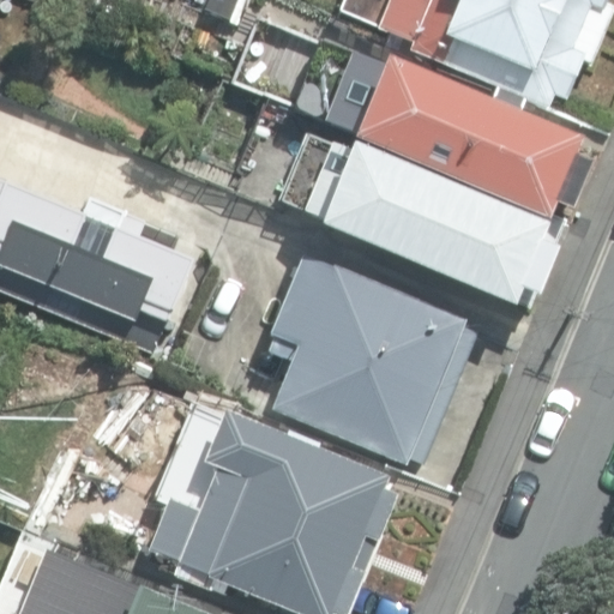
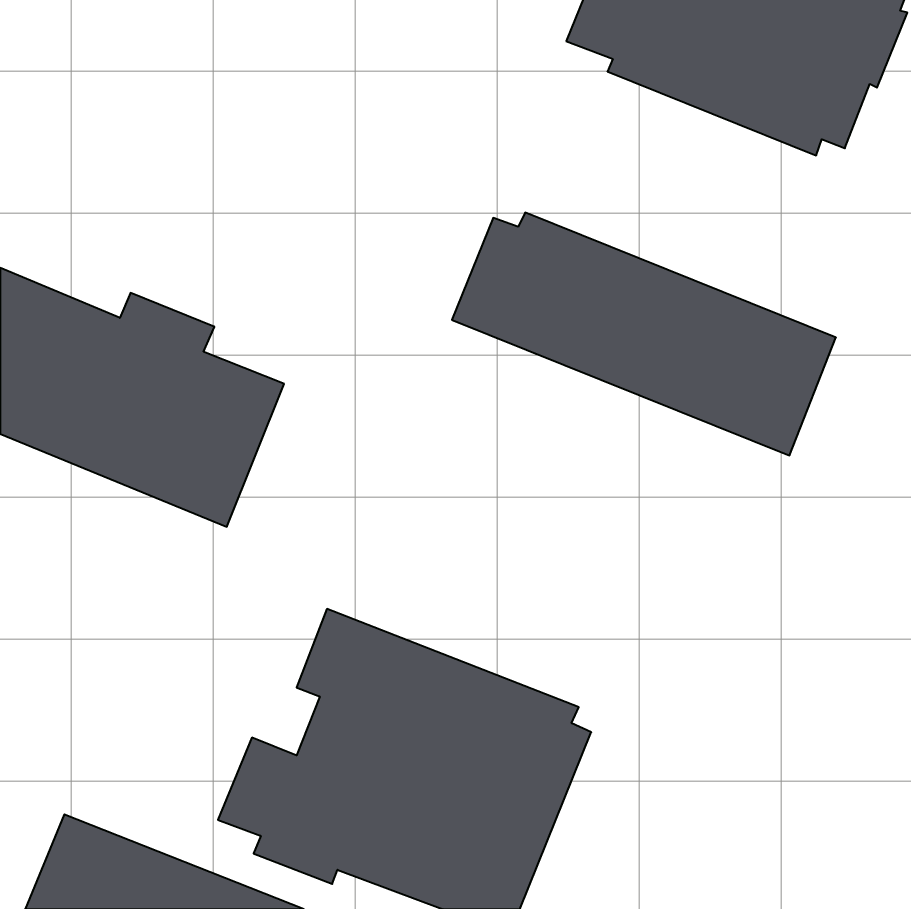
building: [354,60,594,218] -> none
building: [269,248,466,462] -> none

